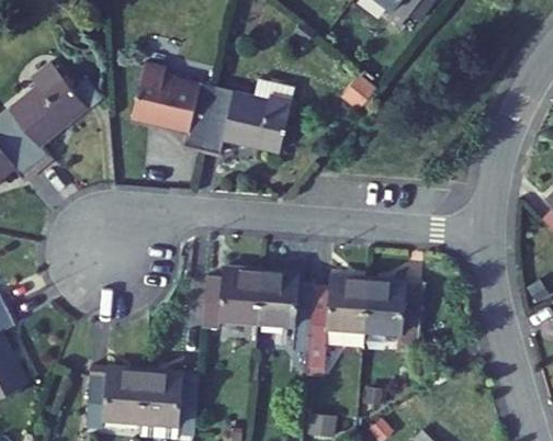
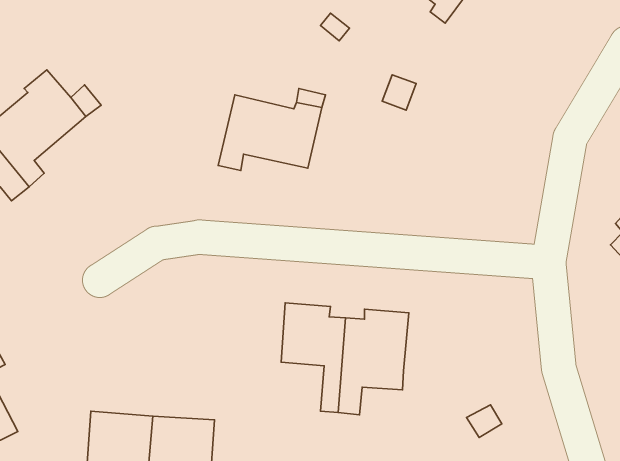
building: [131,67,215,150] -> none
building: [201,268,259,327] -> none
building: [362,279,420,353] -> none

